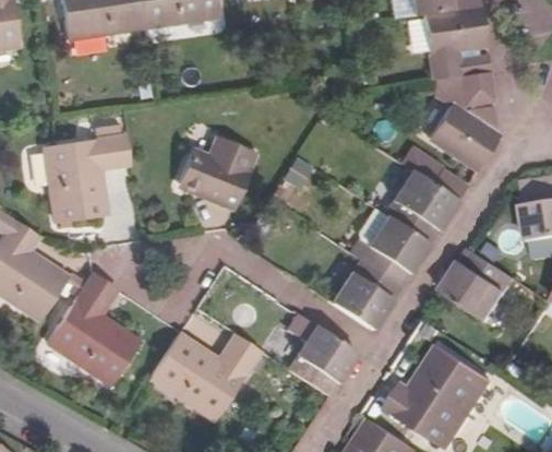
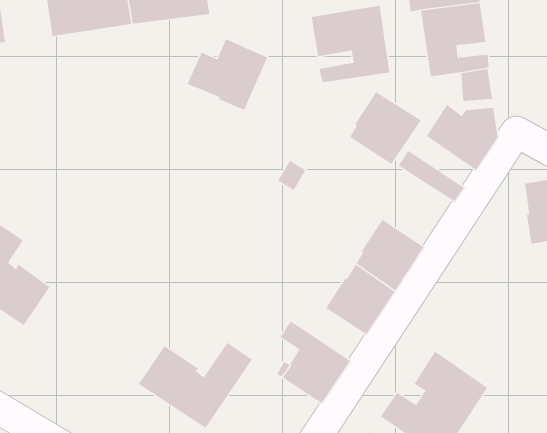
building: none -> [311,5,390,83]
building: [43,134,130,224] -> none
building: [180,134,260,205] -> [187,38,268,111]
building: [387,171,458,243] -> [349,91,422,165]
building: [444,250,515,323] -> none
building: [46,274,139,388] -> none

